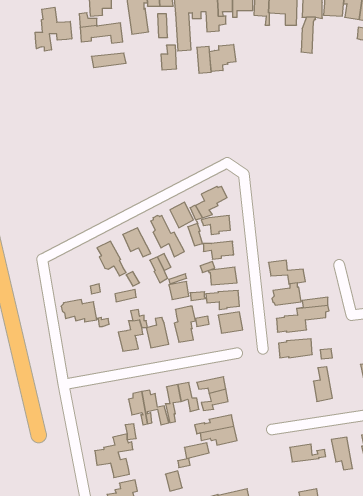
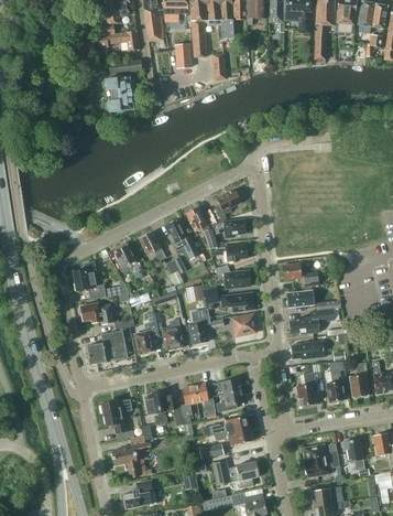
building: [35,7,72,51] -> none
building: [210,44,236,72] -> none
building: none -> [102,76,133,111]
building: none -> [73,261,105,299]
building: none -> [87,330,128,365]
building: none -> [350,362,369,398]
building: none -> [296,373,317,407]
building: none -> [99,400,131,433]
building: none -> [304,456,339,476]
building: none -> [212,460,259,487]

